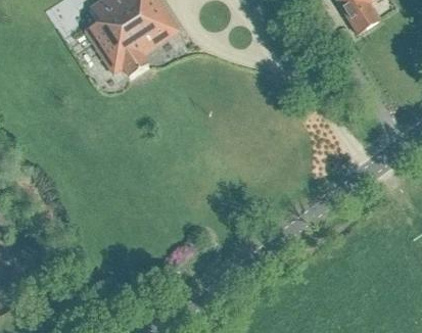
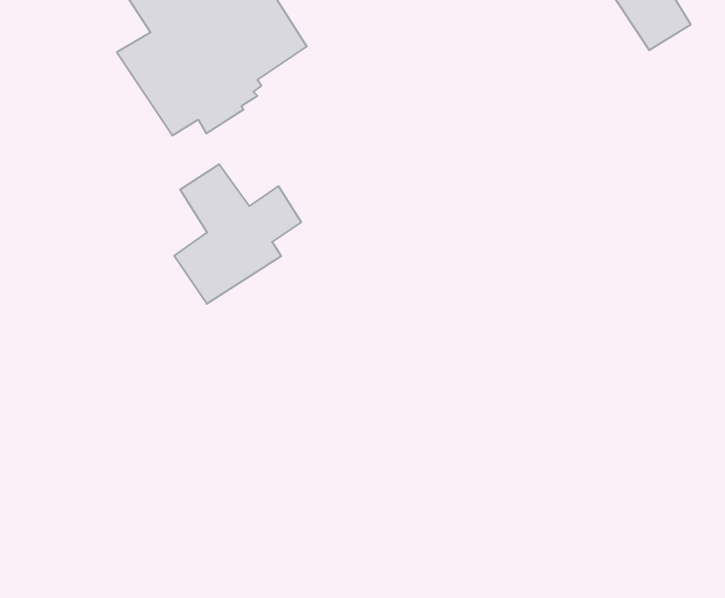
building: none -> [174,164,301,304]

